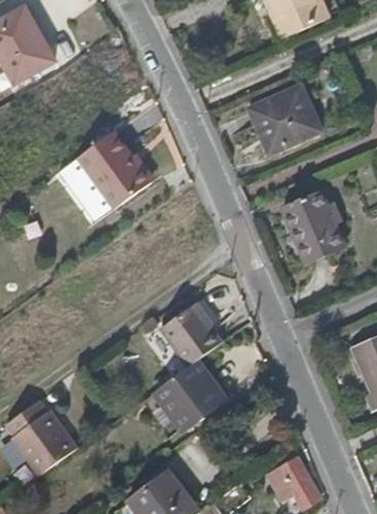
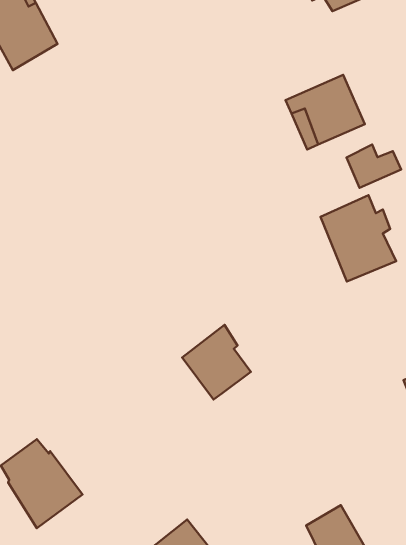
building: [61,130,153,221] -> none
building: none -> [347,145,401,188]
building: [154,361,223,431] -> none

